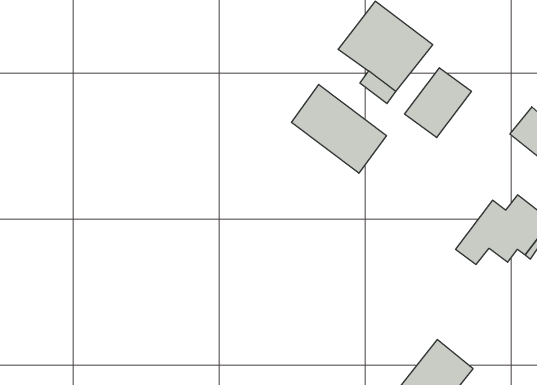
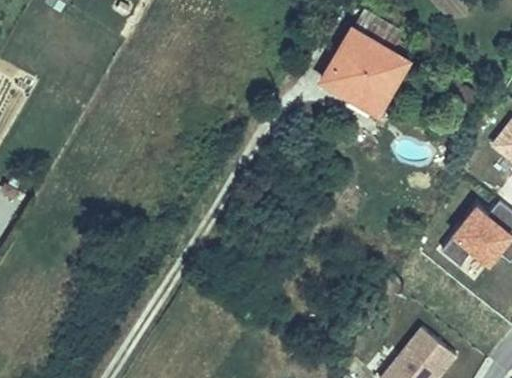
building: [405,68,471,138] -> none
building: [291,84,386,173] -> none

